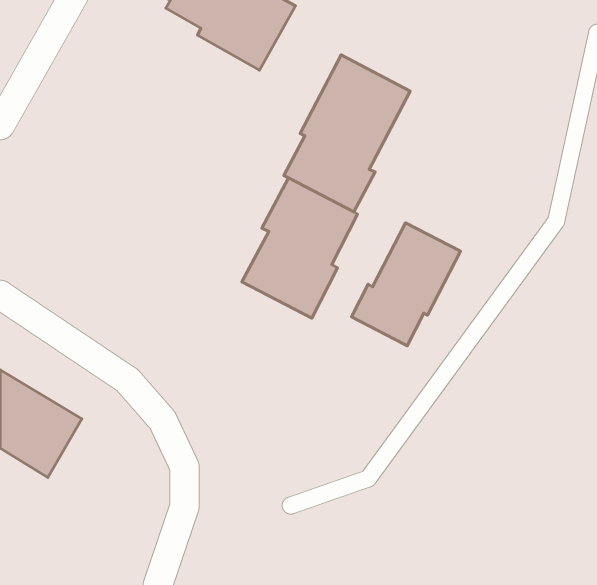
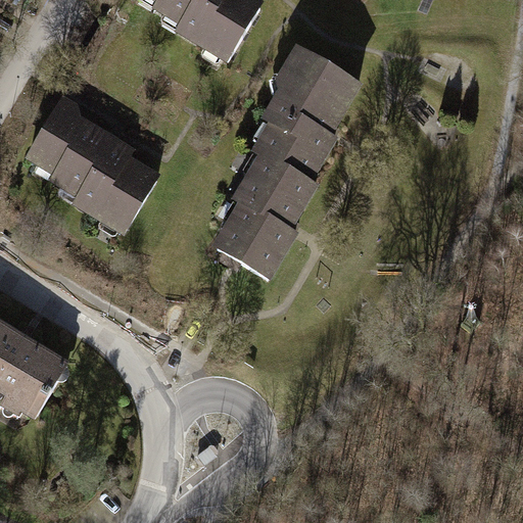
building: none -> [25,98,161,230]
building: [352,223,461,346] -> none

